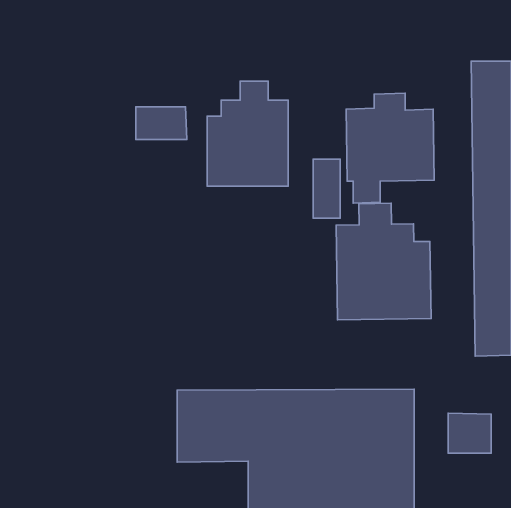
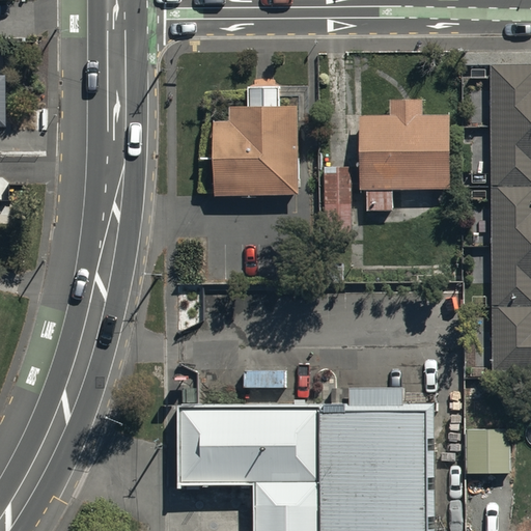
building: [136,107,187,140] -> none
building: [336,203,431,320] -> none

